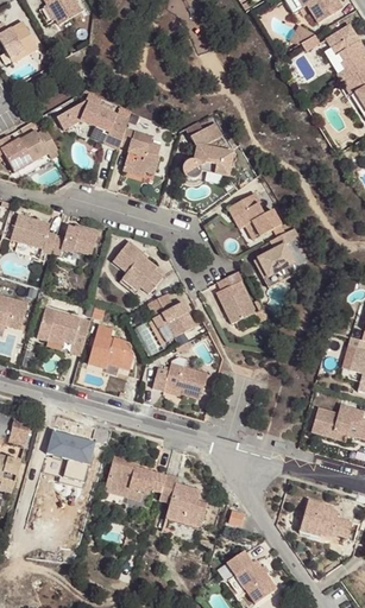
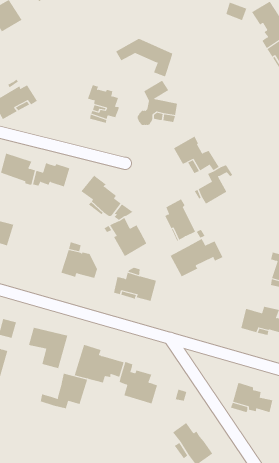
building: [56,100,128,148] -> [115,38,173,77]
building: [37,306,90,355] -> none
building: none -> [170,238,223,277]
building: none -> [40,373,88,409]

